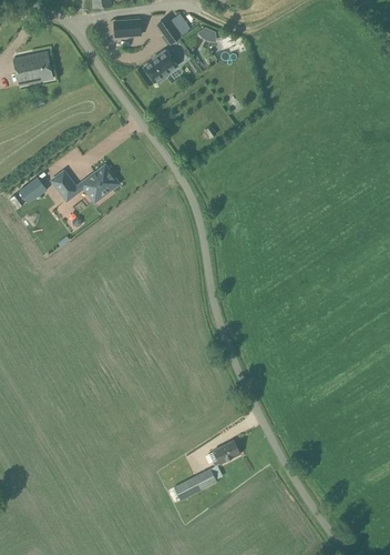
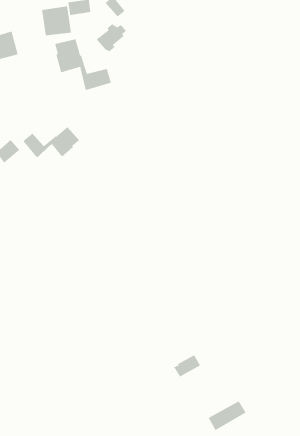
building: none -> [42,5,72,36]
building: none -> [54,38,112,91]
building: [173,467,218,501] -> [208,401,247,431]

